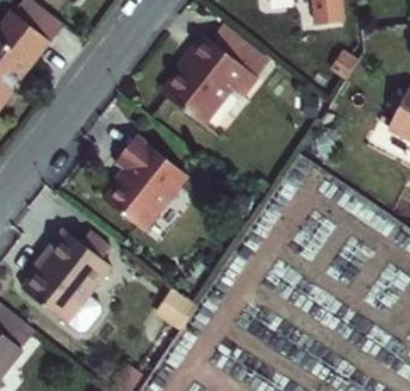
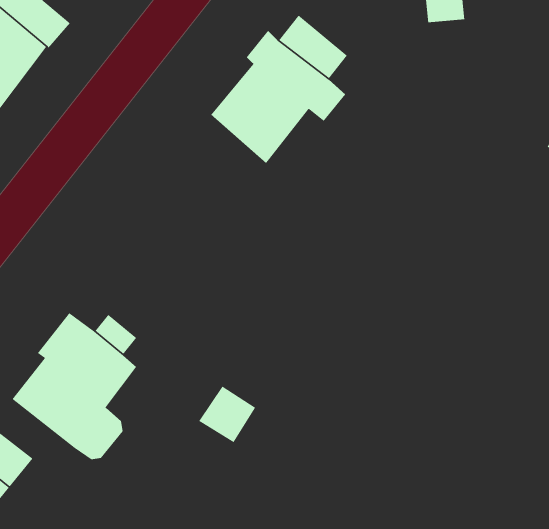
building: [102,136,185,232] -> none

